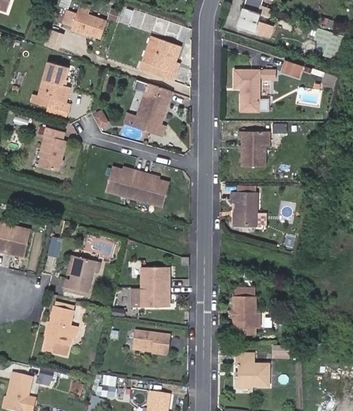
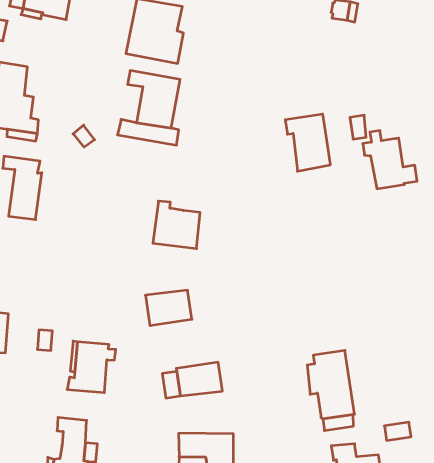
building: [231,66,272,109] -> none
building: [105,166,143,198] -> none
building: [229,183,262,222] -> [363,131,417,189]
building: [138,264,167,285] -> [145,290,192,326]

